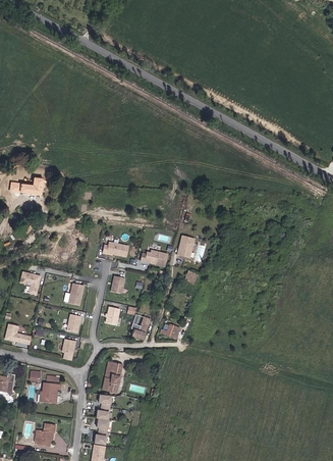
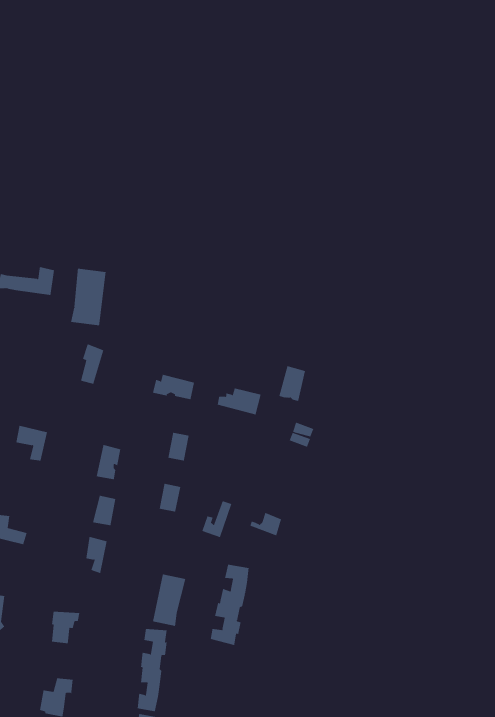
building: none -> [71,268,106,326]
building: none -> [210,564,249,646]

